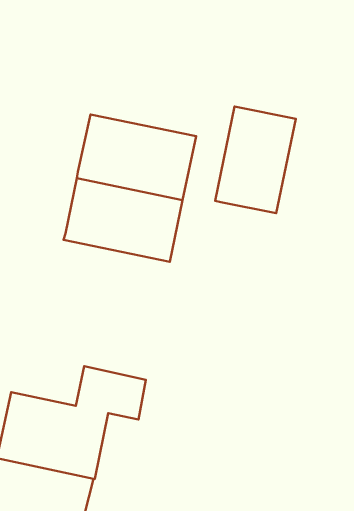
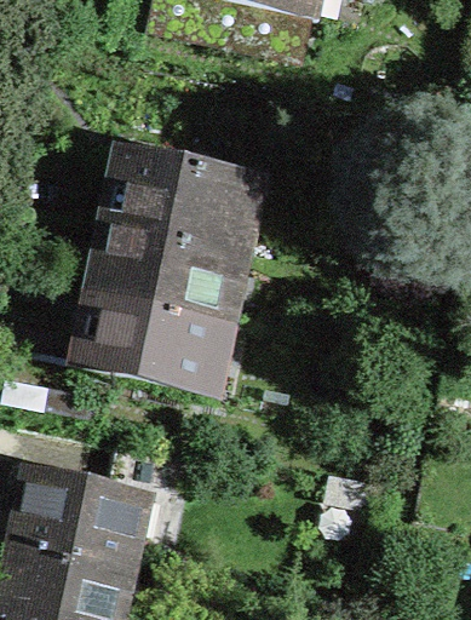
building: [215,106,296,213] -> none
building: none -> [82,294,220,394]

